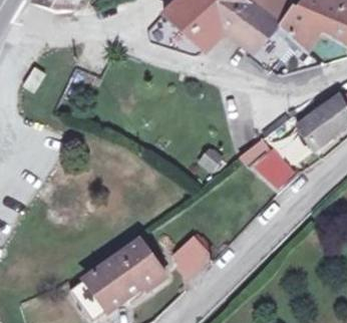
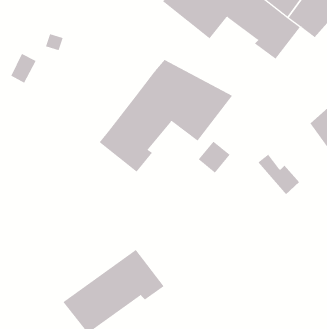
building: none -> [99,59,233,172]
building: [165,231,211,275] -> none

